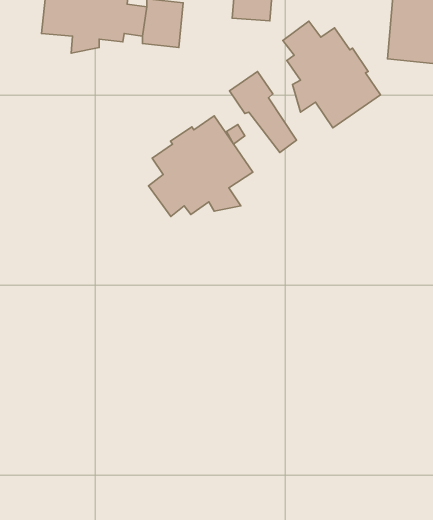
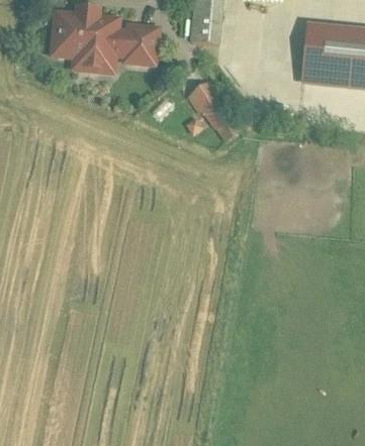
building: [283,21,381,128] -> none
building: [149,116,253,216] -> none

